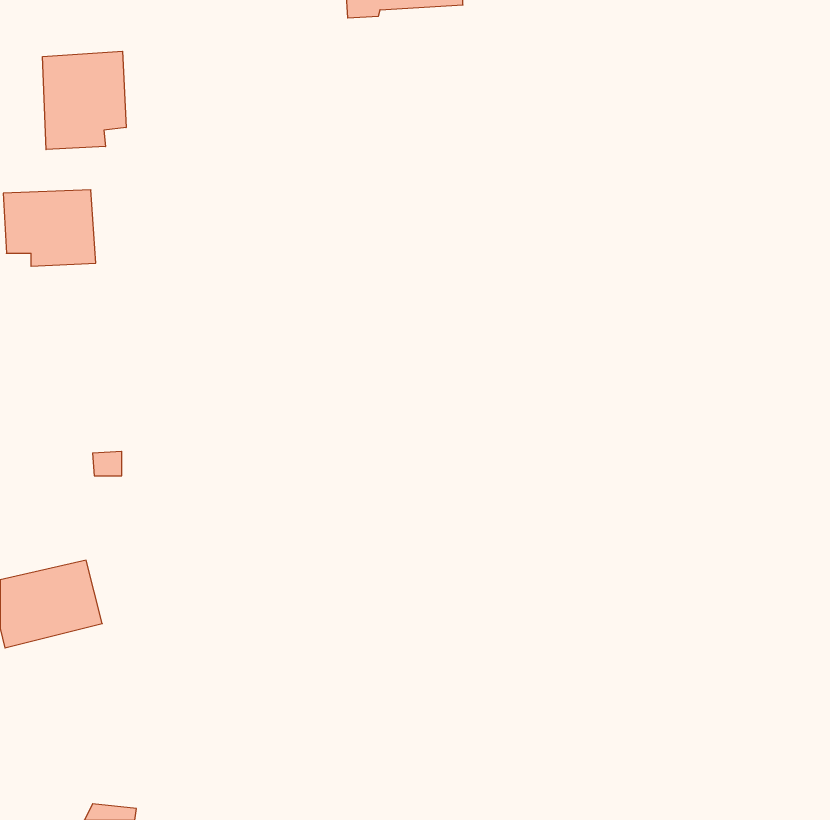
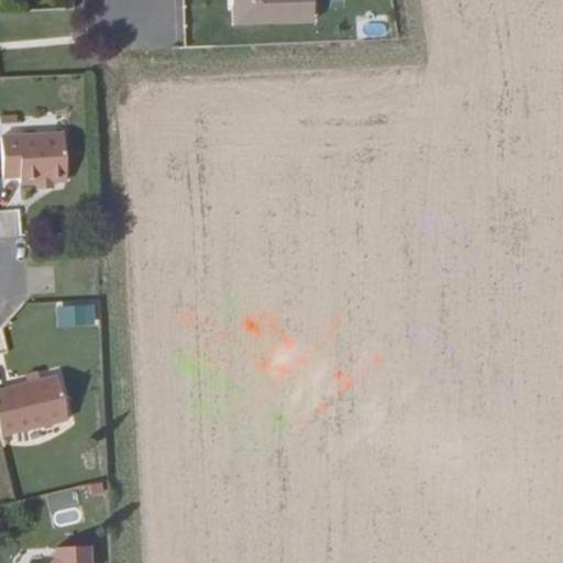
building: [43,51,126,150] -> none

